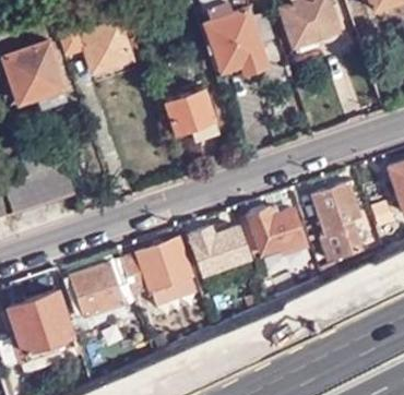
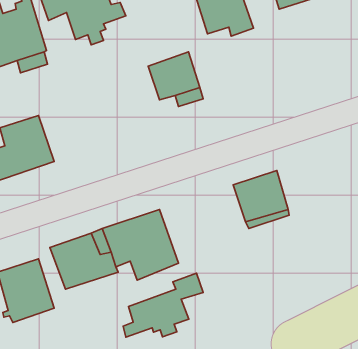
building: [311,182,363,262] -> none
building: [190,229,245,274] -> none
building: none -> [123,273,203,337]

